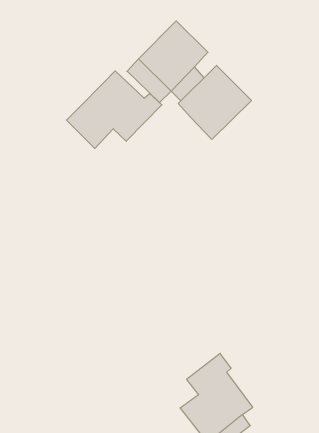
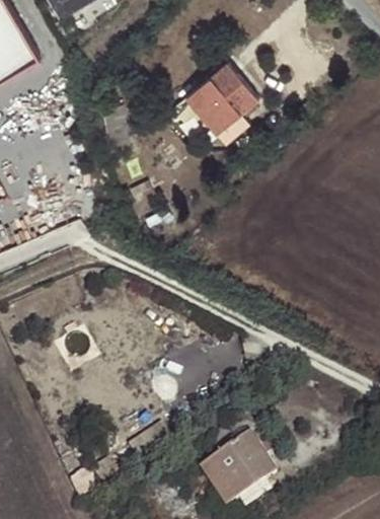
building: [178,65,251,139] -> none
building: [66,71,162,148] -> none

